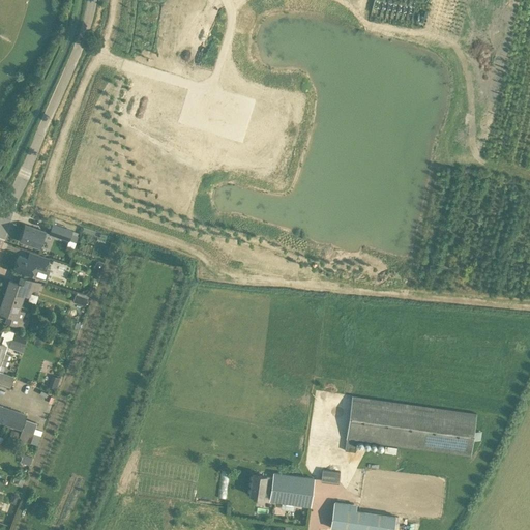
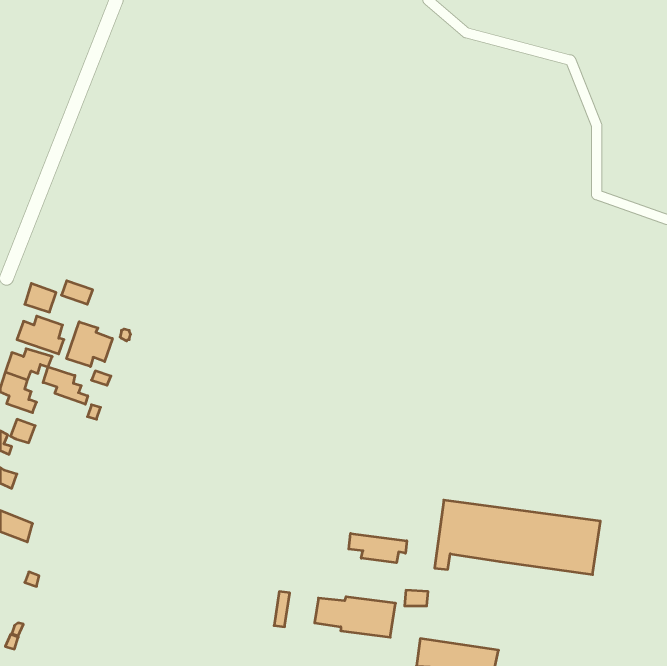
building: none -> [67,322,112,367]
building: none -> [43,367,88,404]
building: none -> [349,533,407,563]

